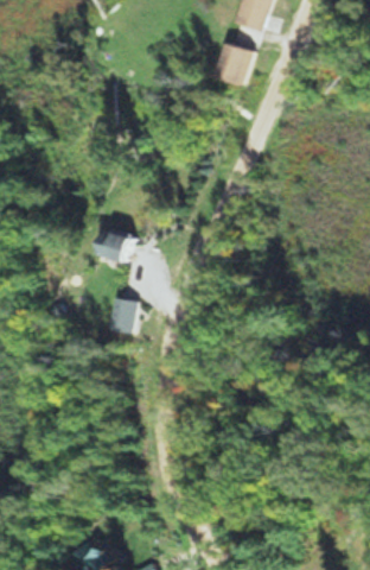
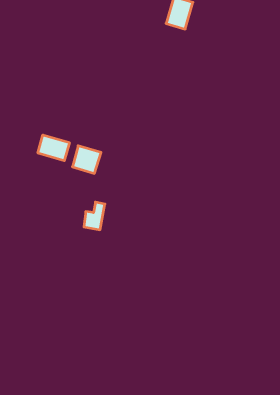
building: none -> [38,135,69,161]

